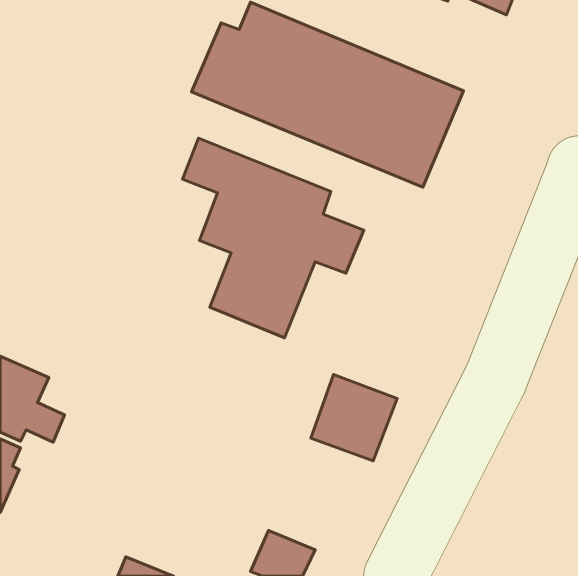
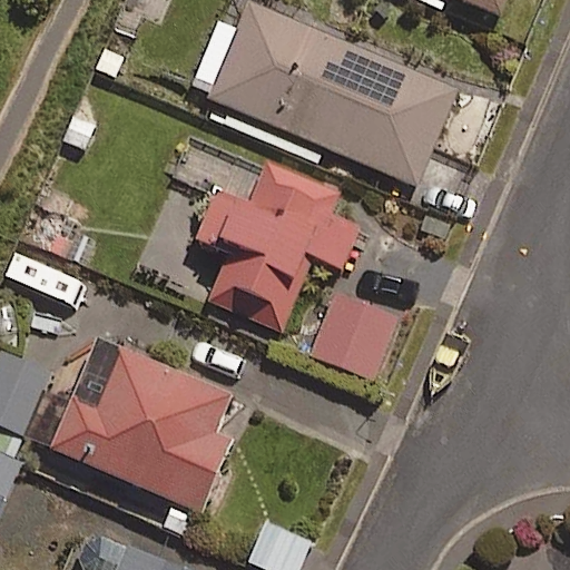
building: none -> [51,340,230,511]
building: [311,375,397,461] -> [313,292,397,376]

